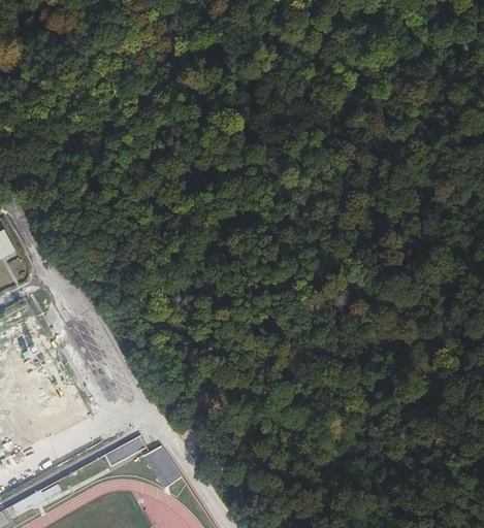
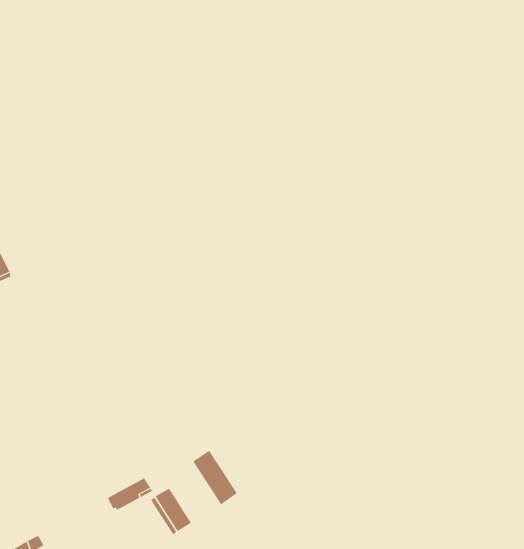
building: none -> [193,450,237,505]

